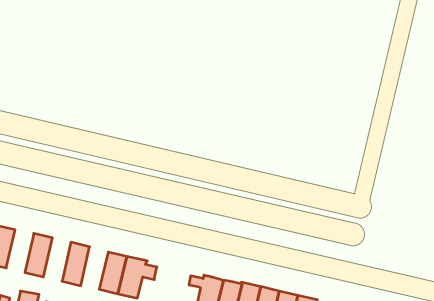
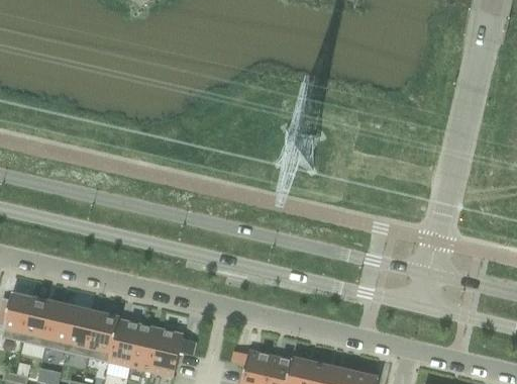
building: none -> [23,298,55,347]
building: none -> [66,307,97,357]
building: none -> [108,317,139,366]

